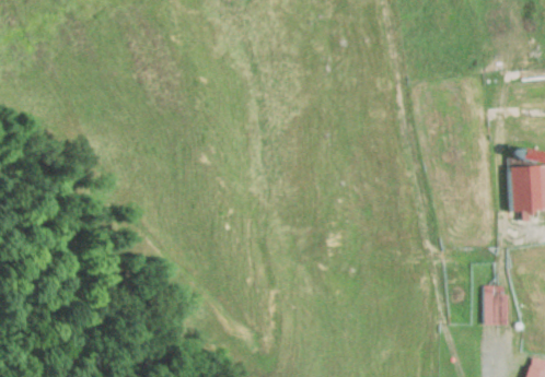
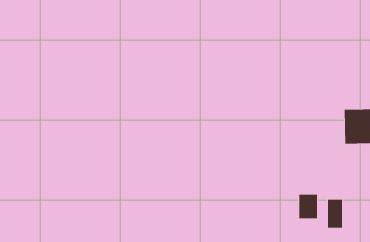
building: none -> [299,194,318,219]

